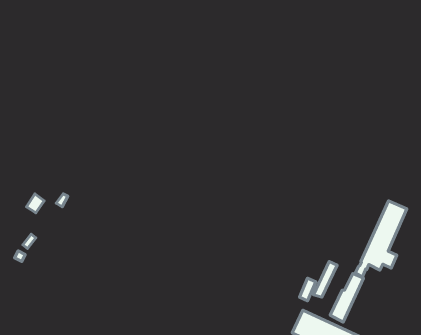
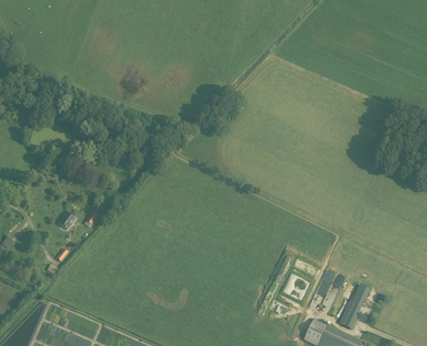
building: [356,201,407,277] -> none

